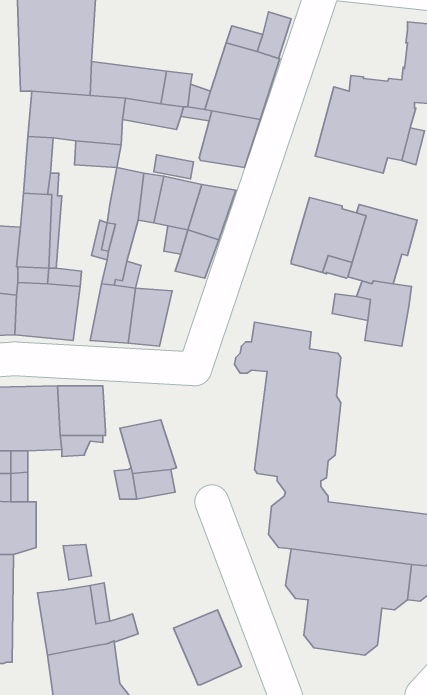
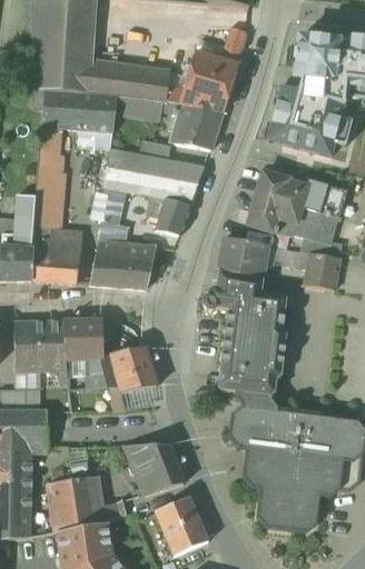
building: none -> [294,34,338,80]
building: none -> [218,236,269,277]
building: none -> [85,356,119,387]
building: none -> [125,443,184,493]

